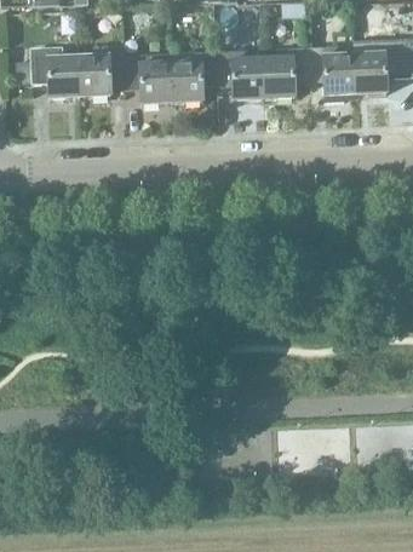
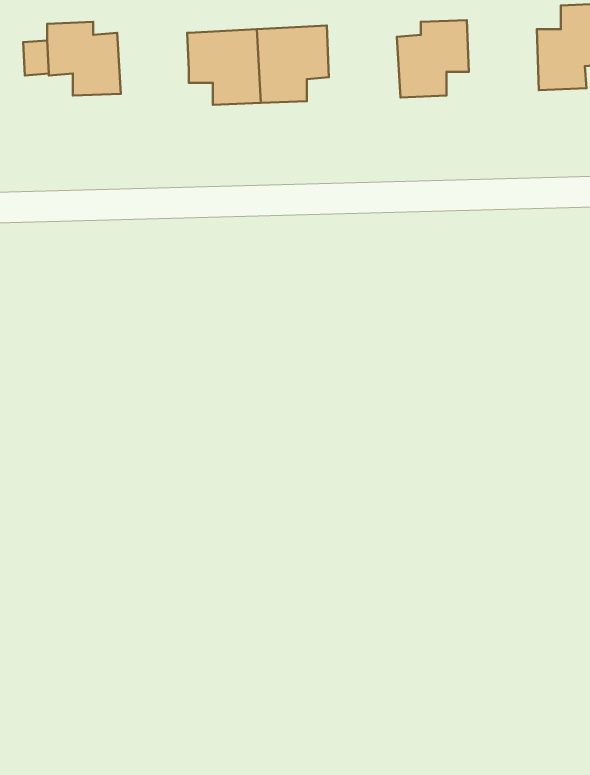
building: [79,46,126,96] -> none
building: [309,46,356,96] -> none
building: [217,50,265,99] -> none

